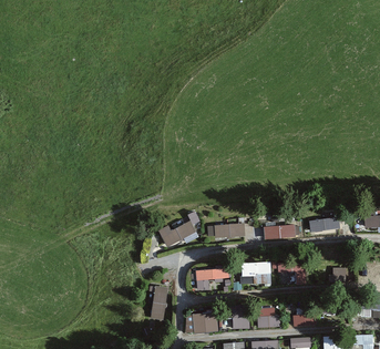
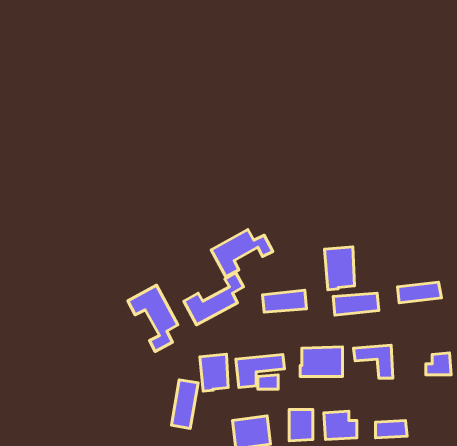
building: none -> [211,230,273,277]
building: none -> [324,247,354,290]
building: none -> [128,285,178,351]
building: none -> [200,354,228,391]

